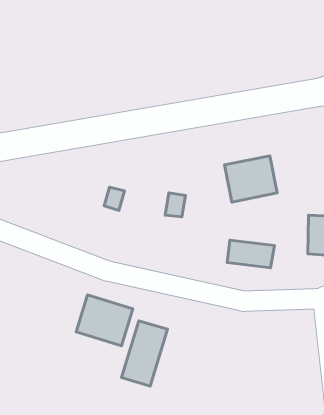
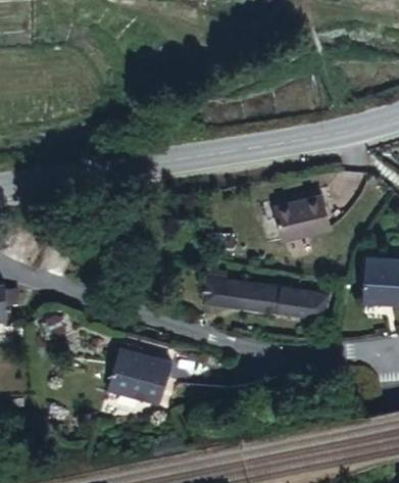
building: none -> [204,276,278,310]
building: [121,321,167,386] -> none

